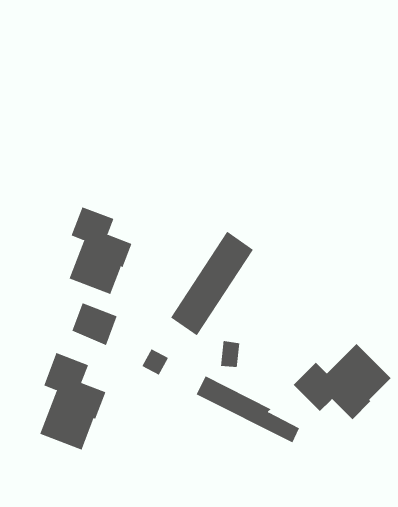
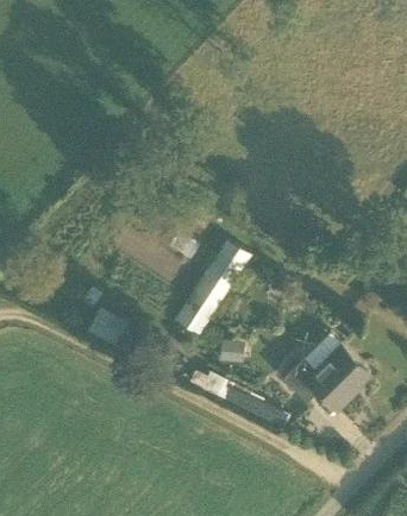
building: [69,206,132,295] -> none
building: [40,352,106,450] -> none

